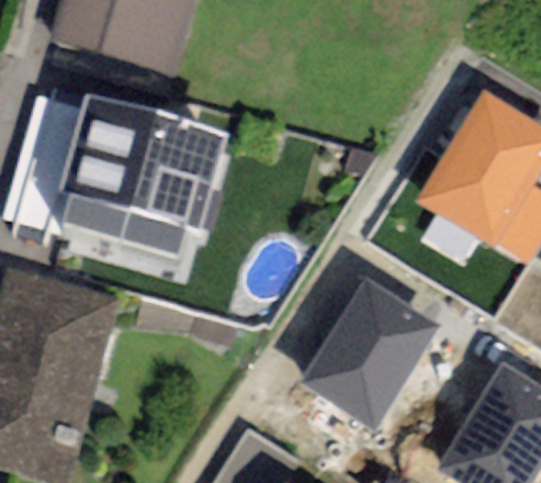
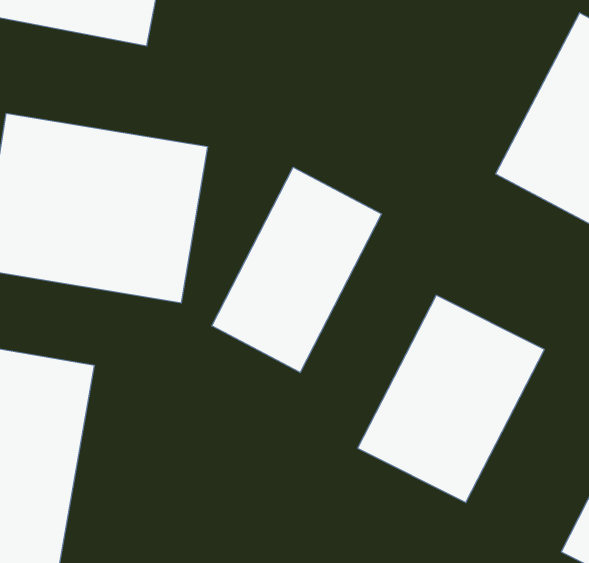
building: none -> [212,167,382,373]

